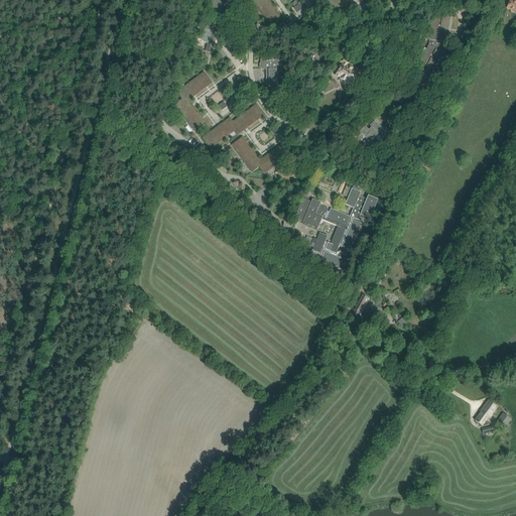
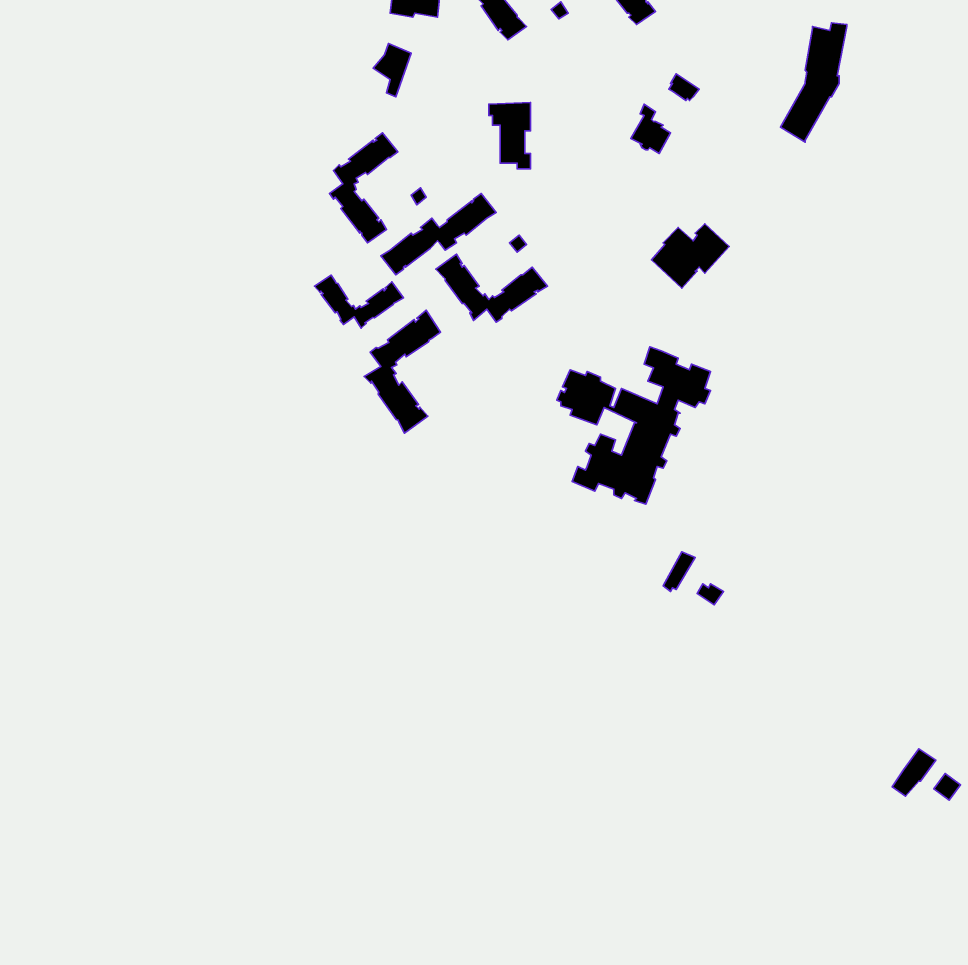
building: none -> [315,275,404,328]
building: none -> [364,310,441,433]

